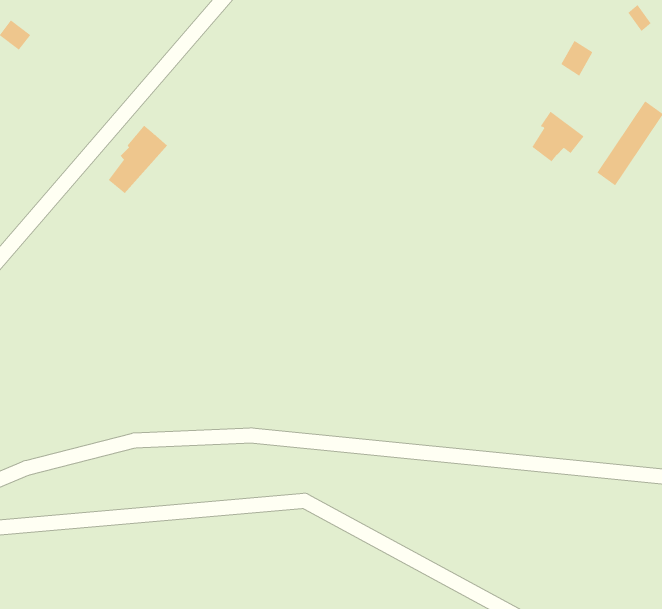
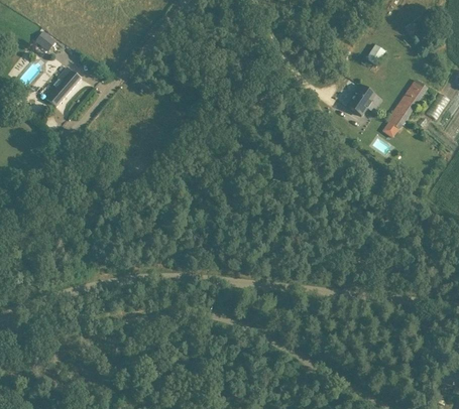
building: [108,125,168,194] -> [45,66,81,107]

